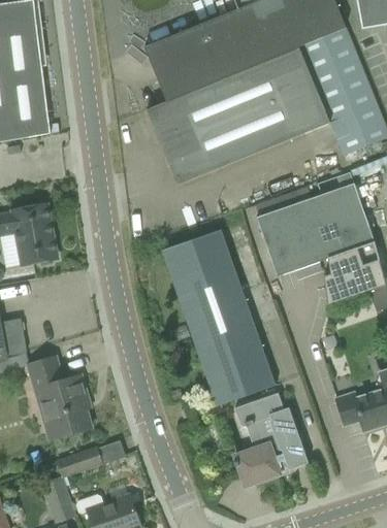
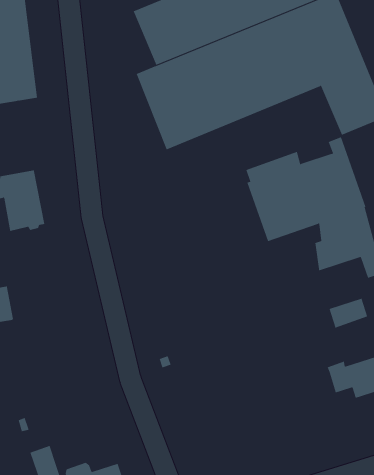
building: [161,229,276,405] -> none
building: none -> [329,298,368,328]
building: [28,356,91,439] -> none
building: [233,392,308,486] -> none
building: [56,447,102,476] -> none

